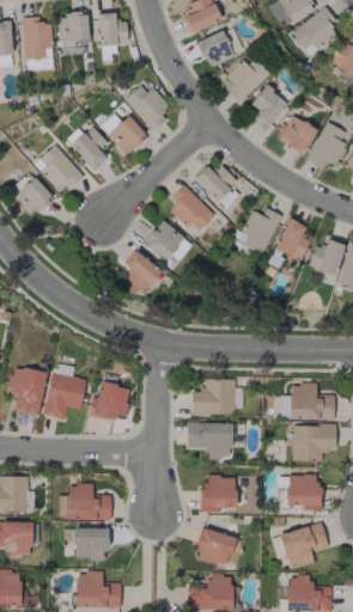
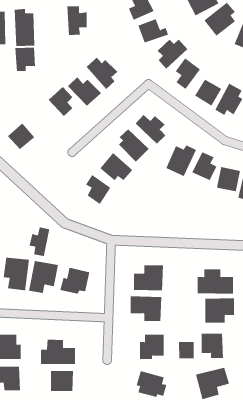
building: [60,13,90,48] -> [15,47,36,72]
building: [35,145,83,194] -> none
building: none -> [29,227,50,257]
building: none -> [178,341,194,359]

